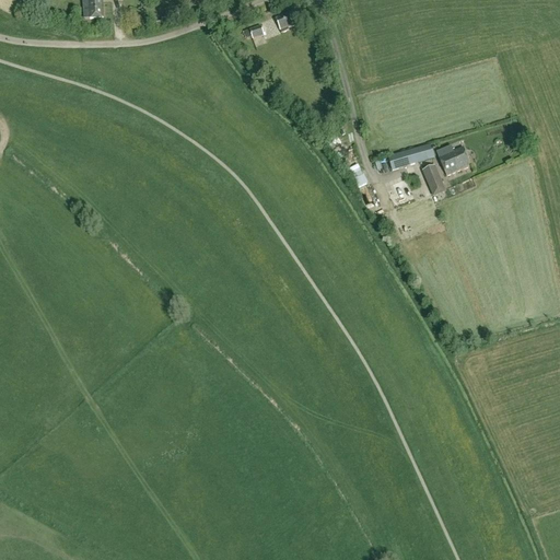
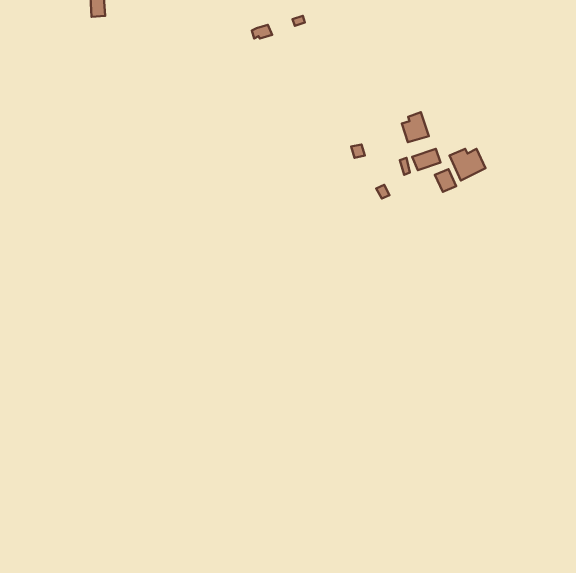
building: none -> [402,112,429,142]

